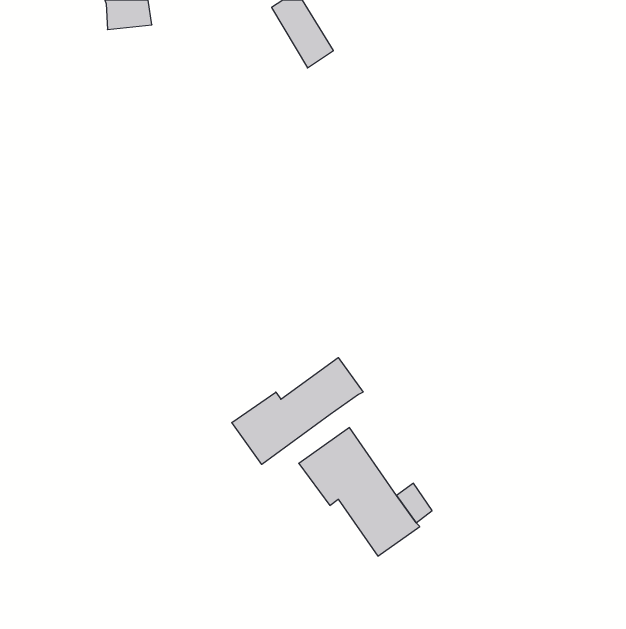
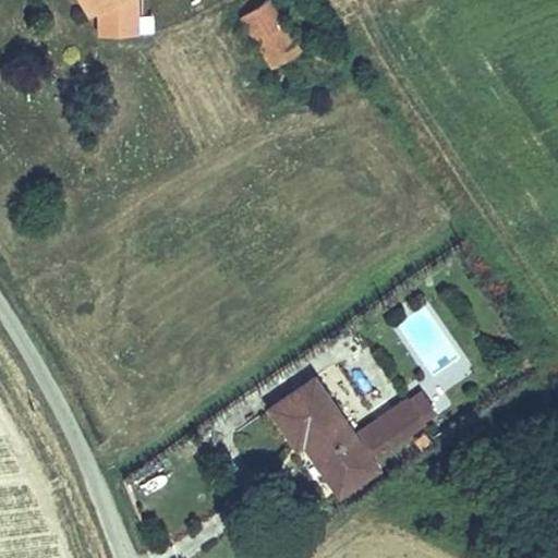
building: [232,358,363,464] -> none
building: none -> [369,404,421,452]

